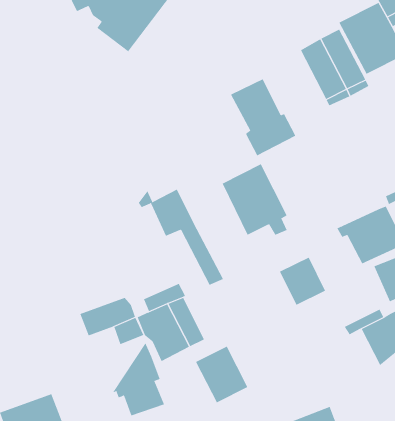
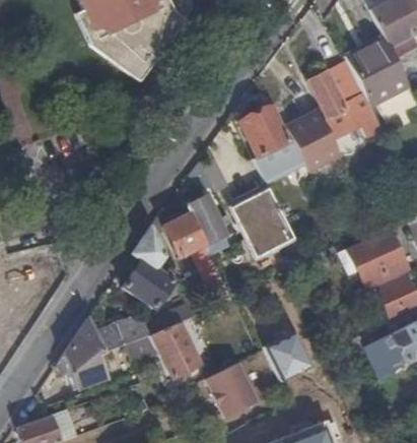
building: none -> [283,111,339,172]
building: none -> [185,196,224,246]
building: none -> [123,227,172,311]
building: [279,257,326,306] -> [269,333,314,380]
building: [112,342,165,416] -> [56,319,107,390]

